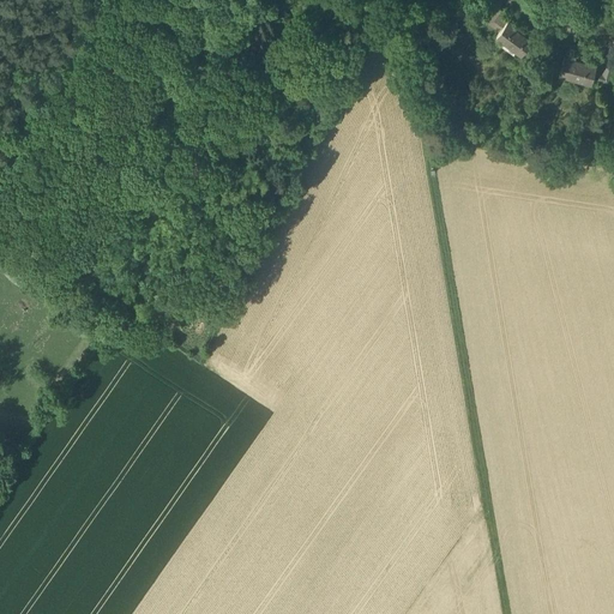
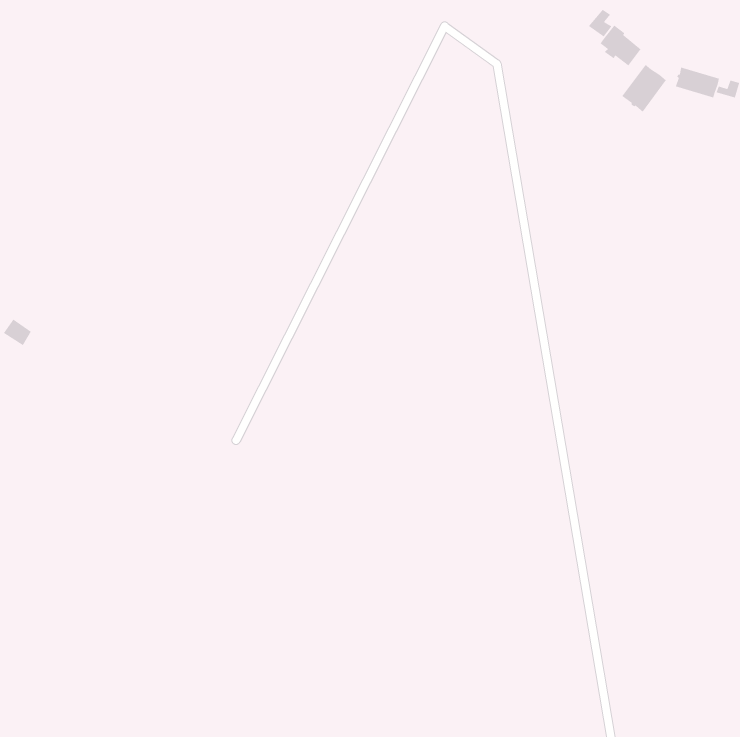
building: none -> [621,64,667,113]

